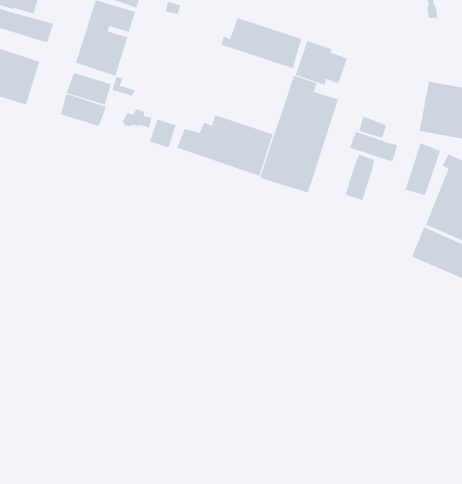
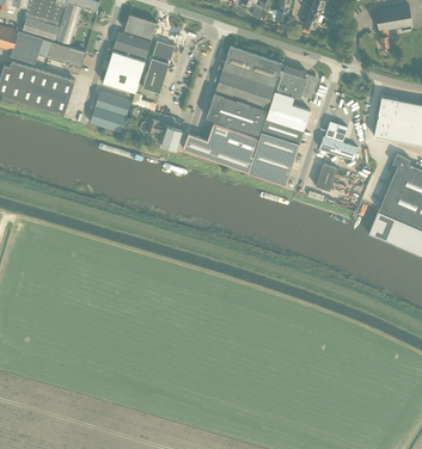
building: none -> [142,39,177,93]
building: none -> [207,67,275,134]
building: [405,143,441,196] -> none

